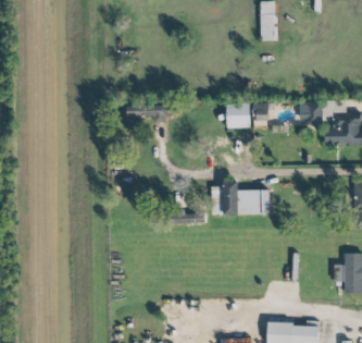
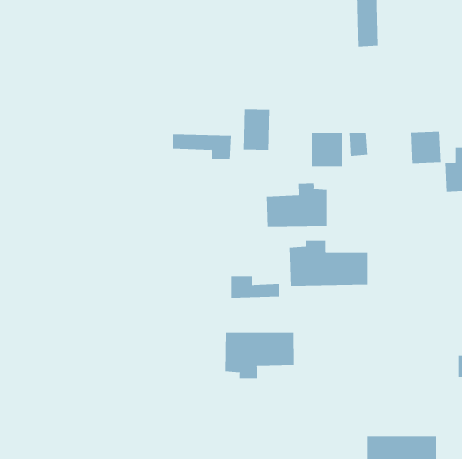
building: none -> [243,109,270,151]
building: none -> [266,182,327,228]
building: none -> [225,332,294,379]

